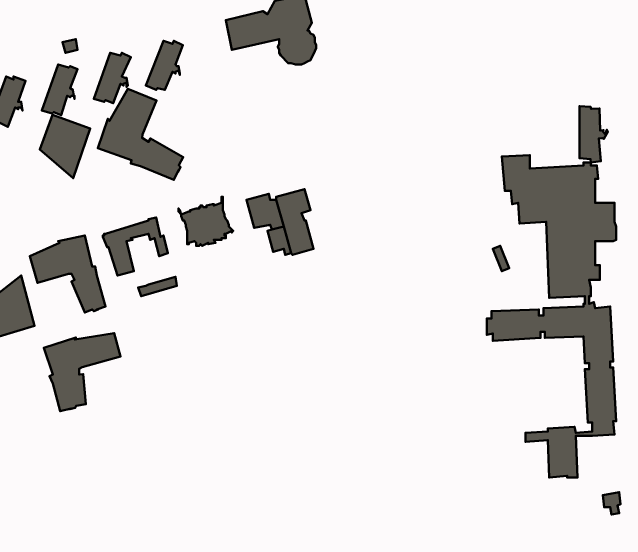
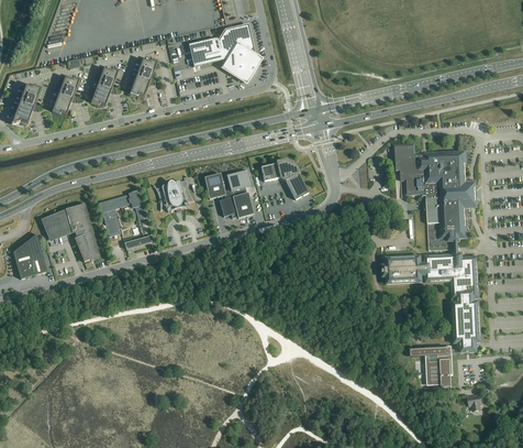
building: [98,89,183,180] -> none
building: [579,106,608,163] -> none
building: [40,115,90,178] -> none
building: none -> [259,159,308,198]
building: [44,333,121,411] -> none

